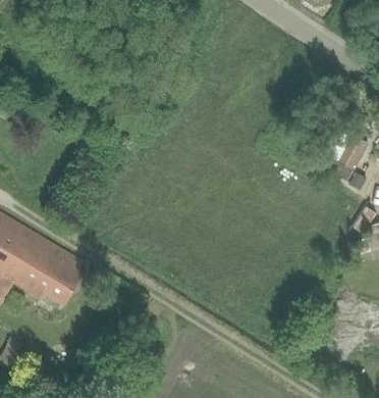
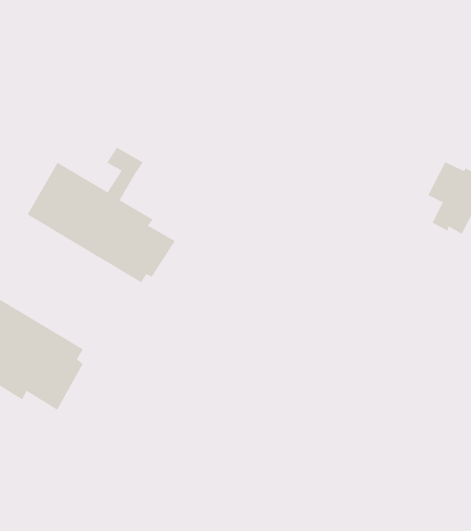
building: none -> [27,147,175,283]

